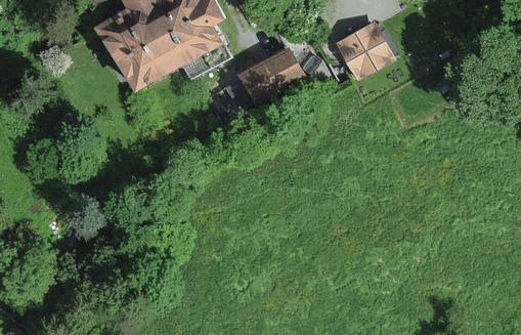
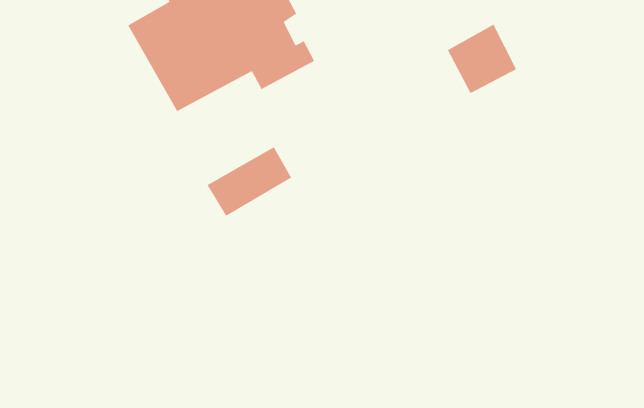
building: [237,51,301,103] -> [206,146,292,217]

